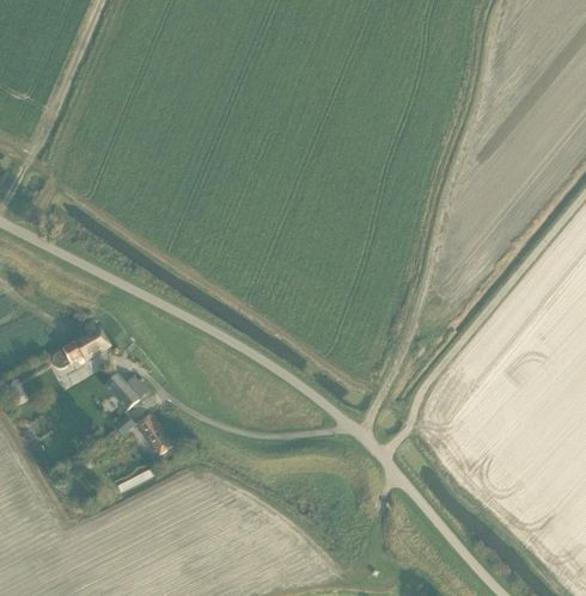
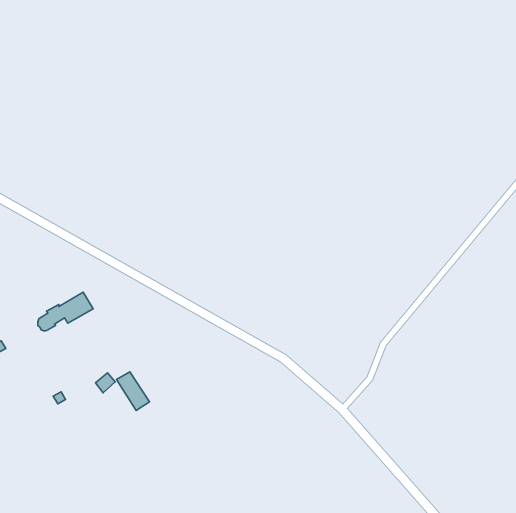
building: [105,375,151,408] -> none

